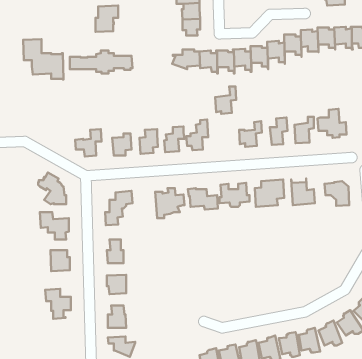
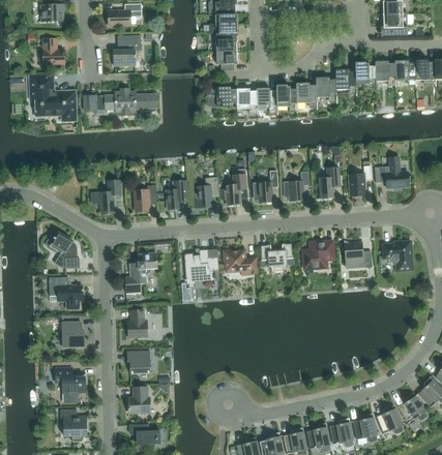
building: none -> [42,38,64,64]
building: [215,87,236,114] -> [253,171,277,203]
building: none -> [60,408,87,442]

